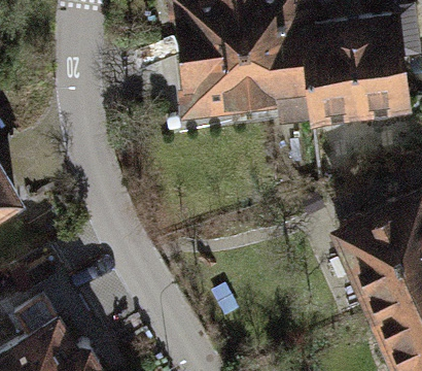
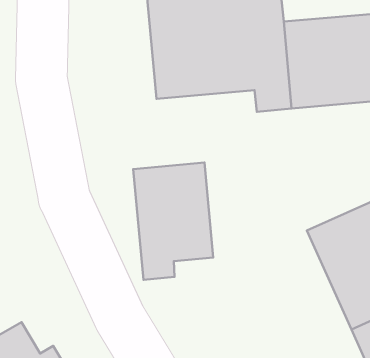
building: none -> [133,163,213,280]

